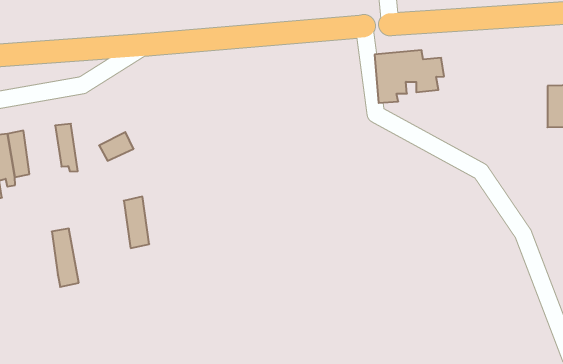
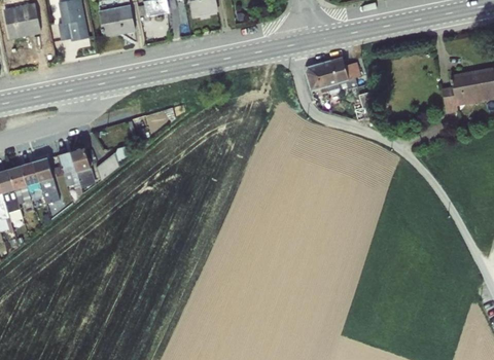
building: [124,197,149,248] -> [70,146,95,188]
building: [52,229,79,287] -> [33,157,60,205]

